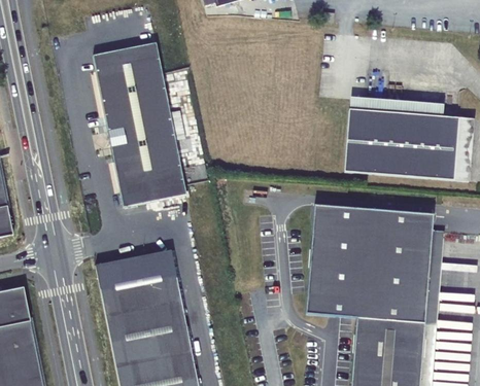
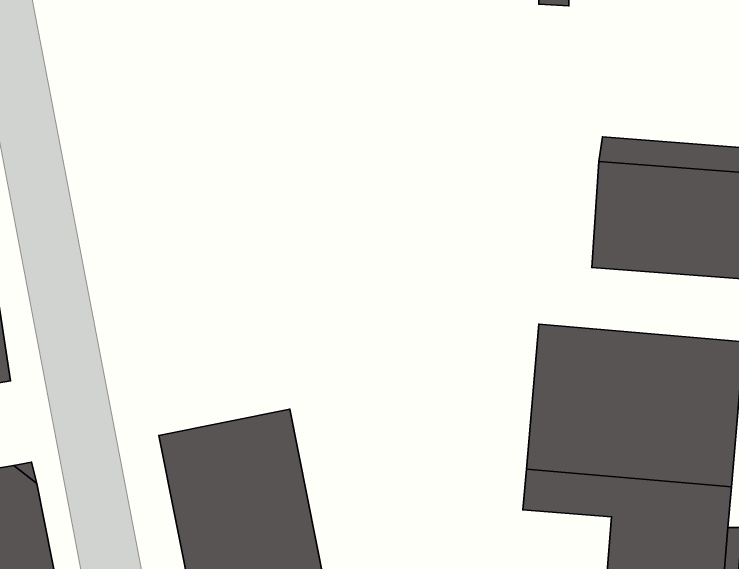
building: [94,42,188,207] -> none

